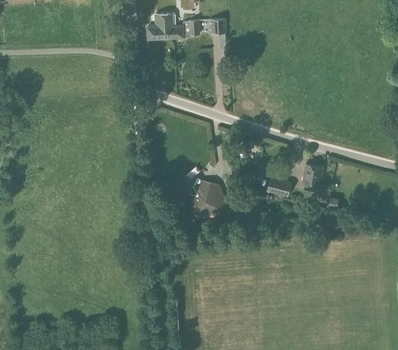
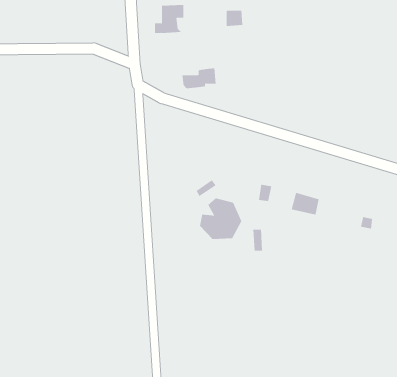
building: [168,19,198,37] -> [182,68,216,89]
building: [301,163,322,186] -> none

